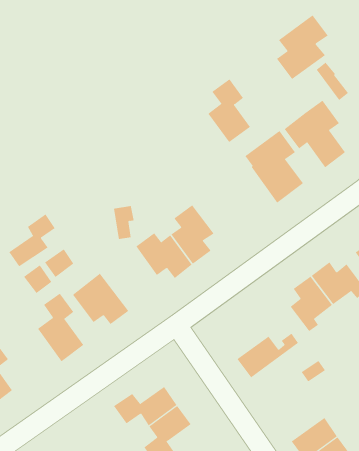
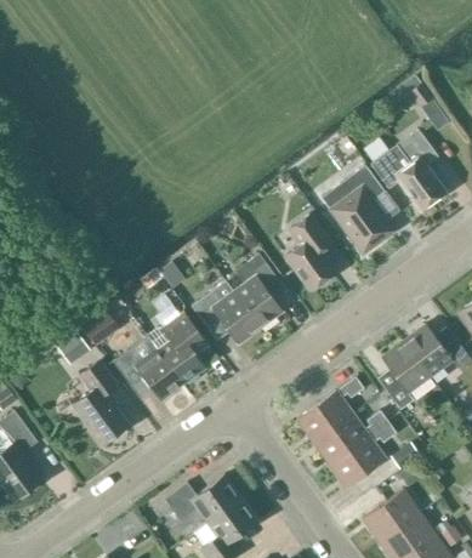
building: [276,14,328,80] -> none
building: [208,79,251,143] -> [284,213,336,291]
building: [8,213,56,267] -> none
building: none -> [148,313,210,383]
building: none -> [296,376,364,442]
building: none -> [330,422,397,488]
building: none -> [363,489,420,541]

